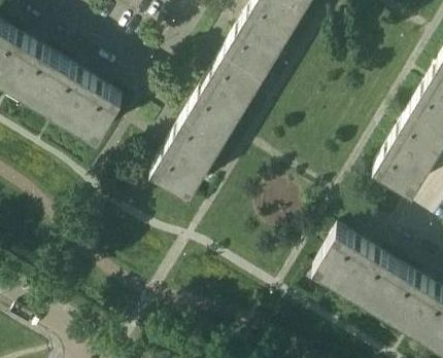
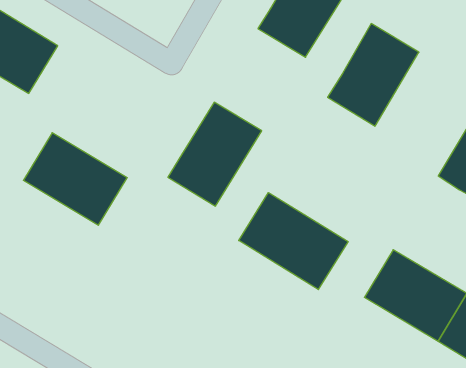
building: [192,46,267,131] -> [328,24,419,126]
building: [39,61,125,137] -> [23,133,127,225]
building: none -> [239,193,348,290]

